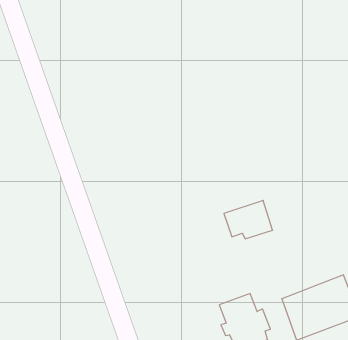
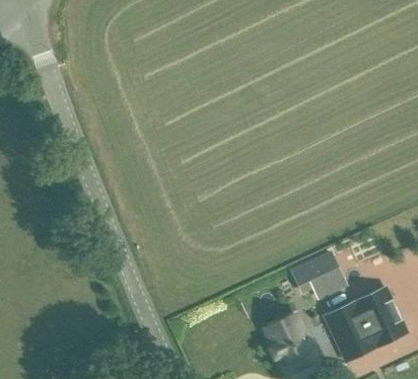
building: [224,200,273,239] -> [292,255,341,294]

